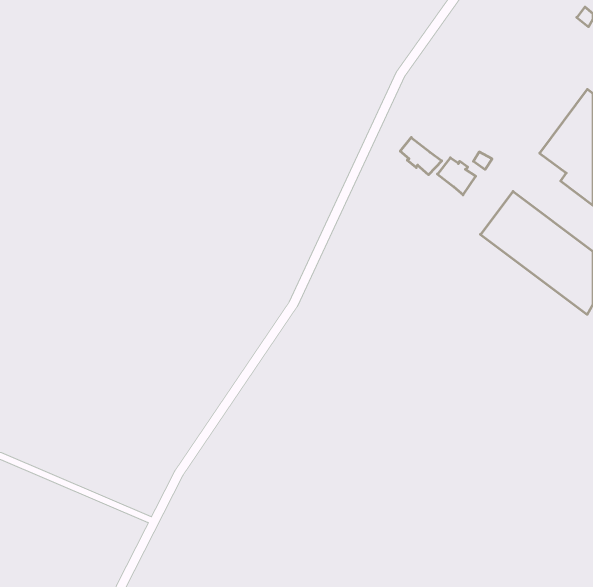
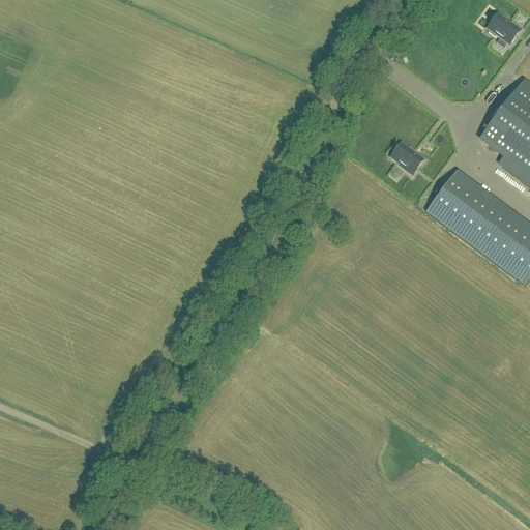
building: none -> [485,10,520,41]
building: [400,137,442,175] -> none

